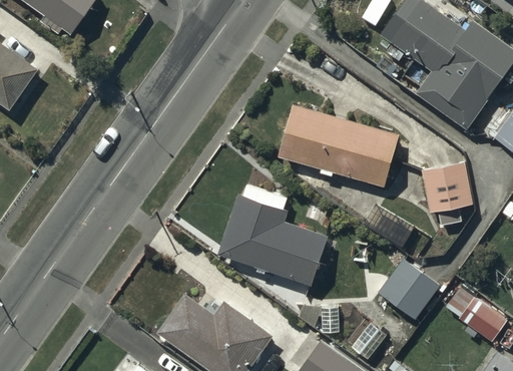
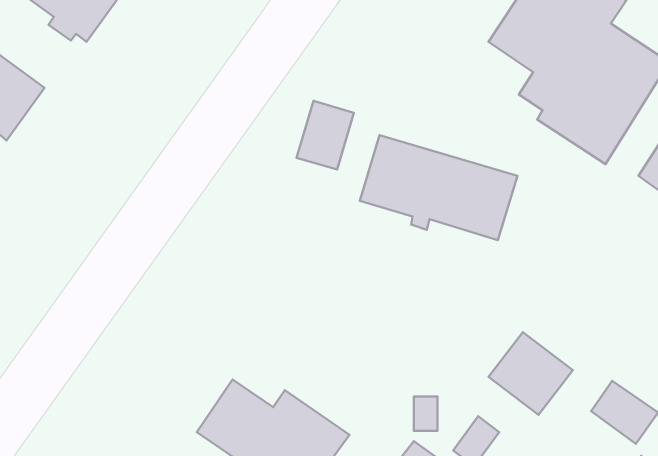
building: none -> [297,101,354,170]
building: [421,160,472,227] -> none
building: [219,187,330,284] -> none

